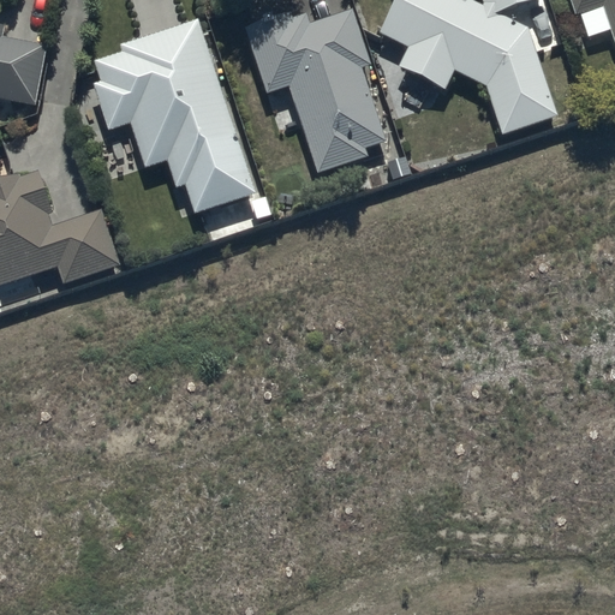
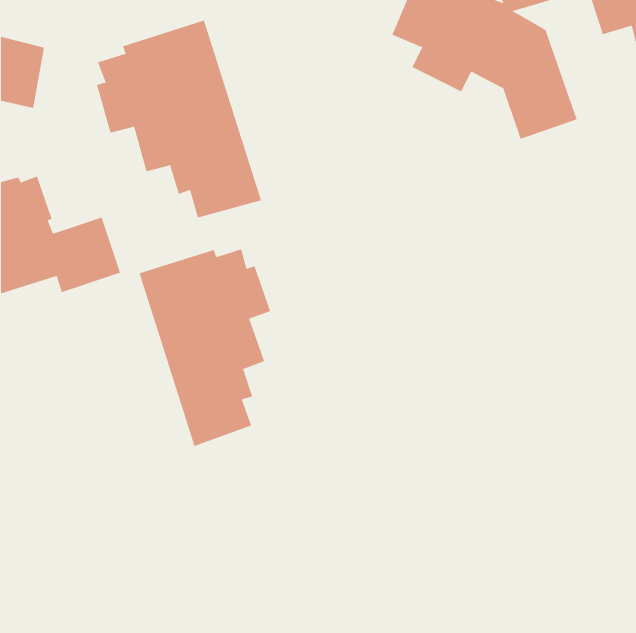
building: [243,8,387,171] -> none
building: none -> [139,248,271,447]

